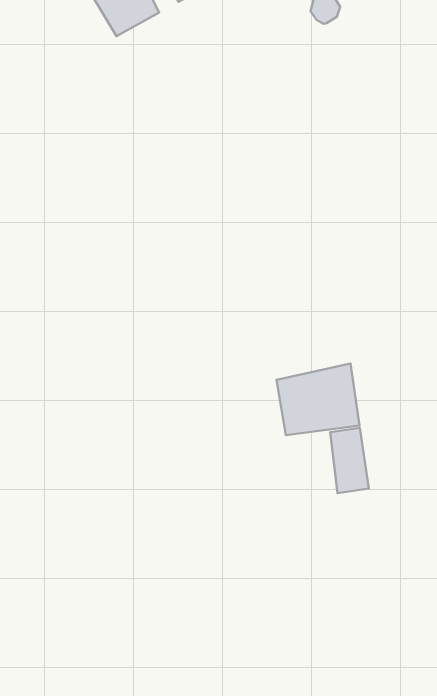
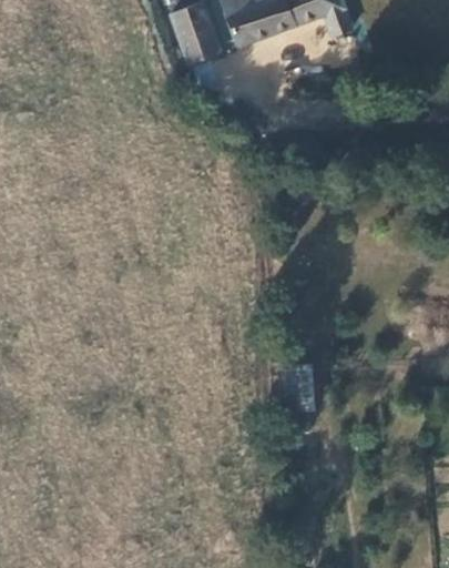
building: [276,364,360,435] -> none

